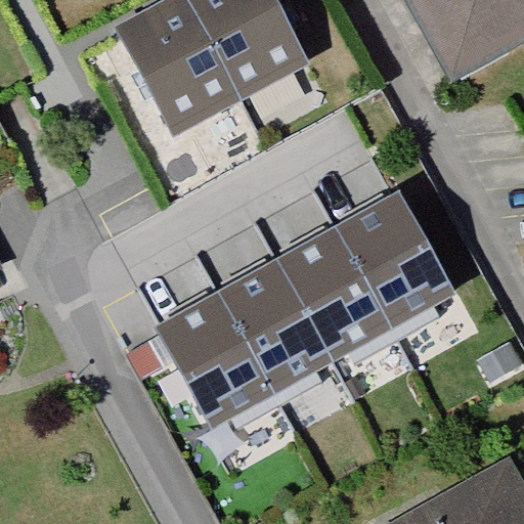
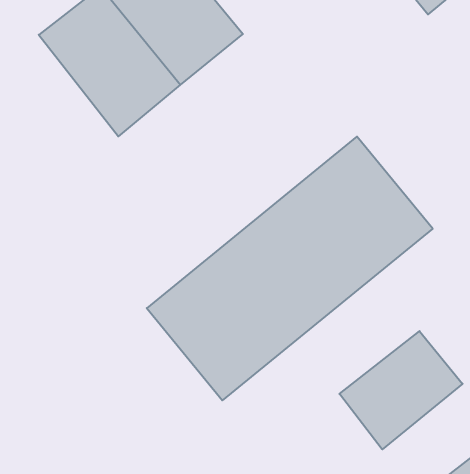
building: none -> [339,331,463,449]

